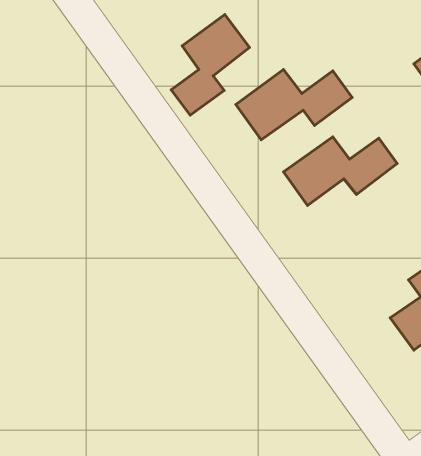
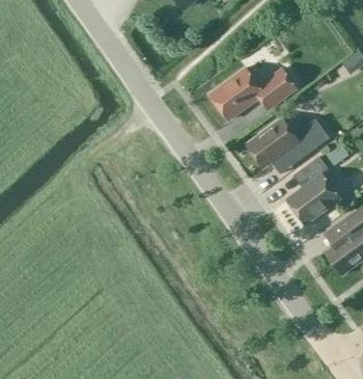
building: [171,15,250,115] -> none
building: none -> [286,156,340,224]

